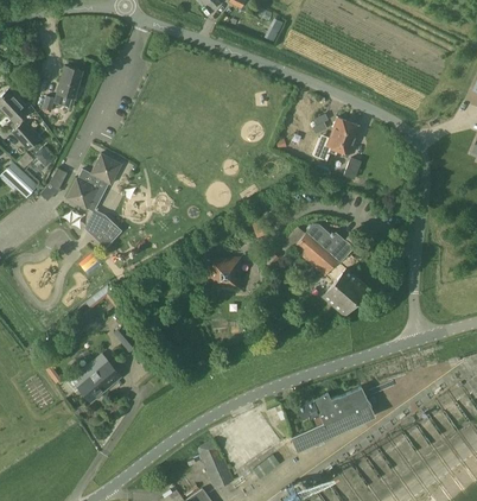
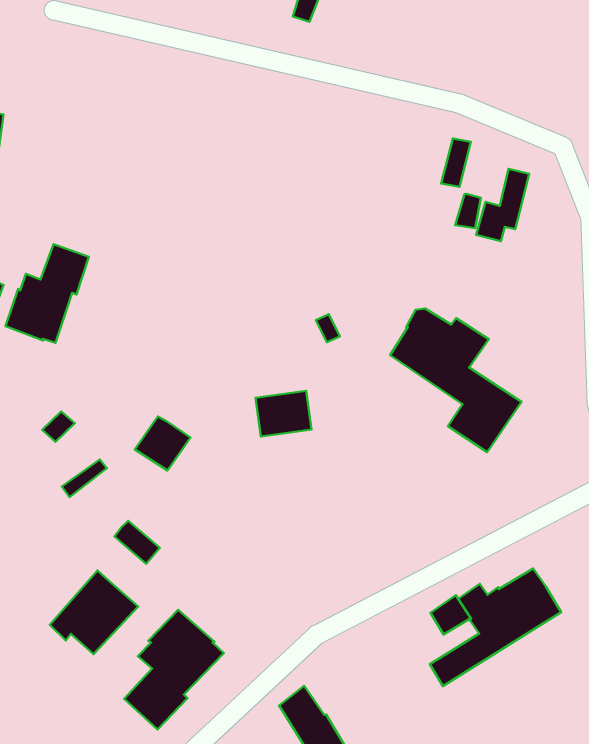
building: [313,119,350,161] -> [476,169,529,241]
building: [89,215,123,248] -> [135,416,190,470]
building: none -> [124,610,224,729]

